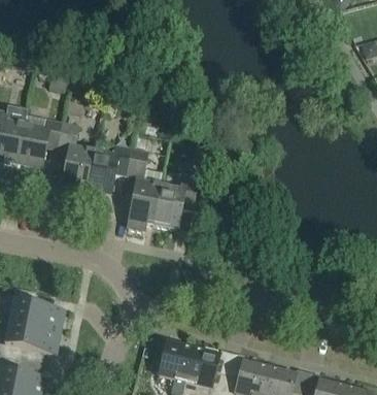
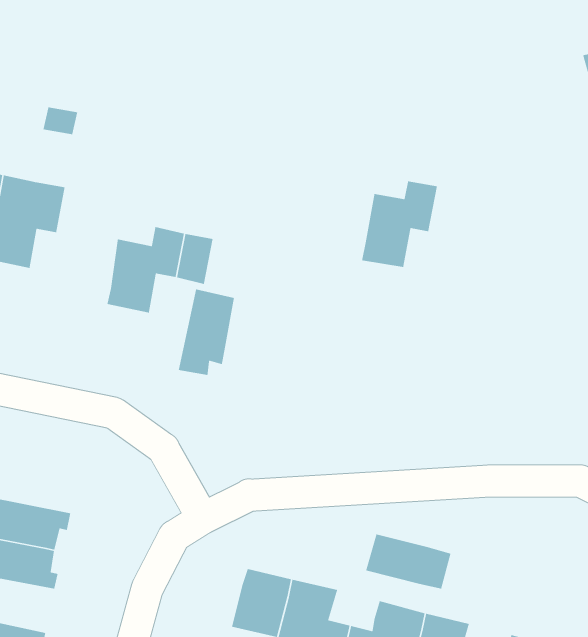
building: [57,120,92,195] -> none
building: [152,176,197,227] -> [361,181,438,268]
building: none -> [365,533,452,589]

